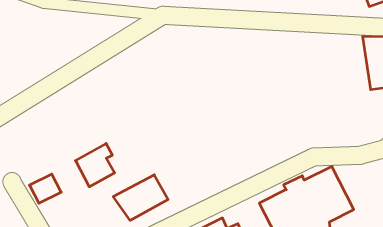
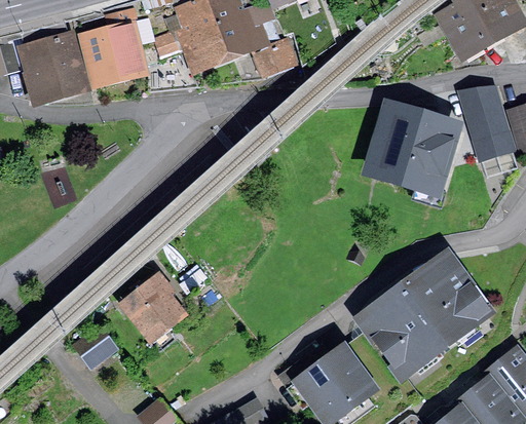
building: none -> [370,110,456,191]
building: [113,175,168,220] -> none

